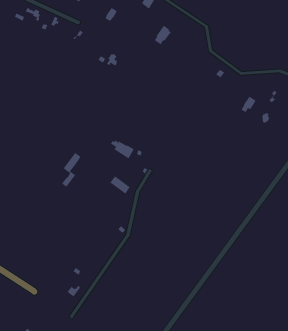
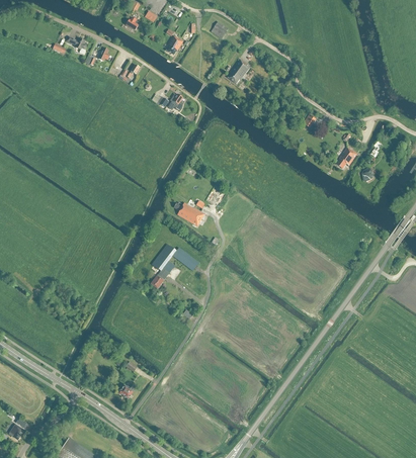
building: [61,152,81,188] -> [150,245,175,289]

